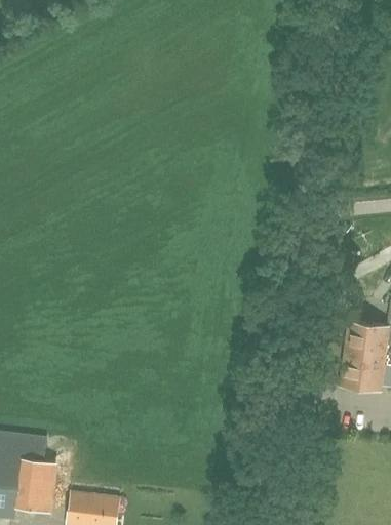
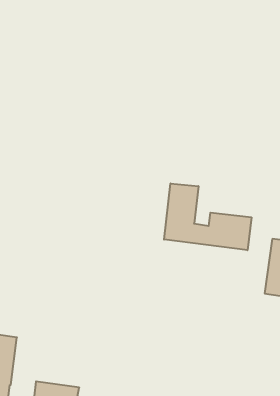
building: none -> [164,183,251,250]

